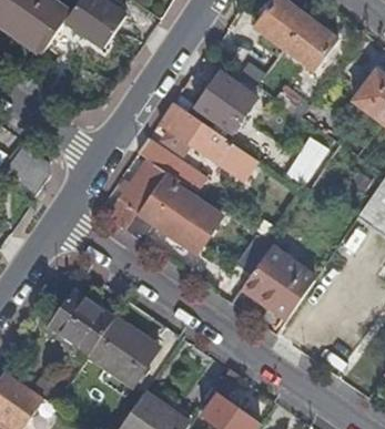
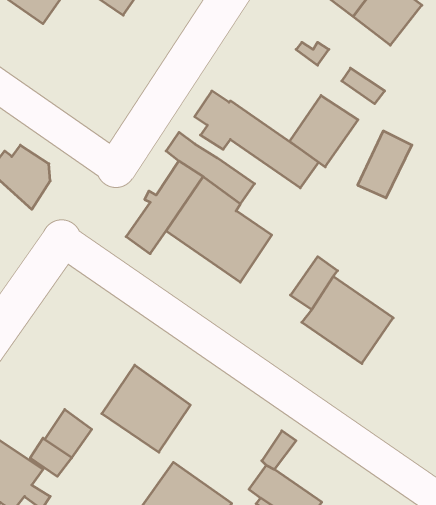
building: [195,73,249,129] -> [290,95,358,167]
building: [47,289,113,356] -> none

